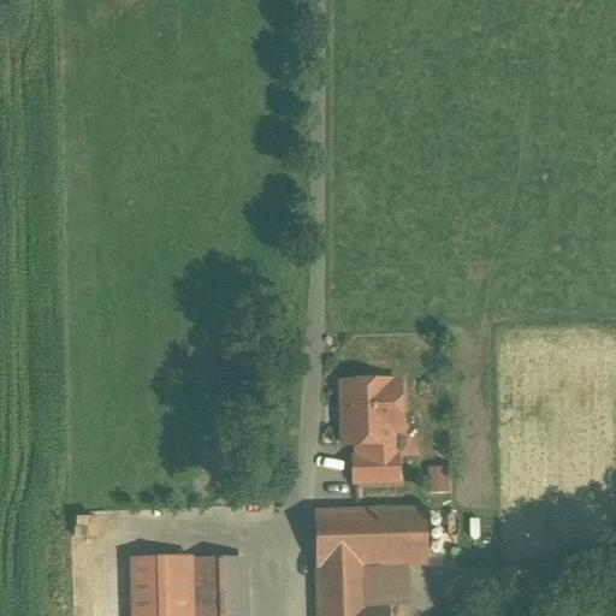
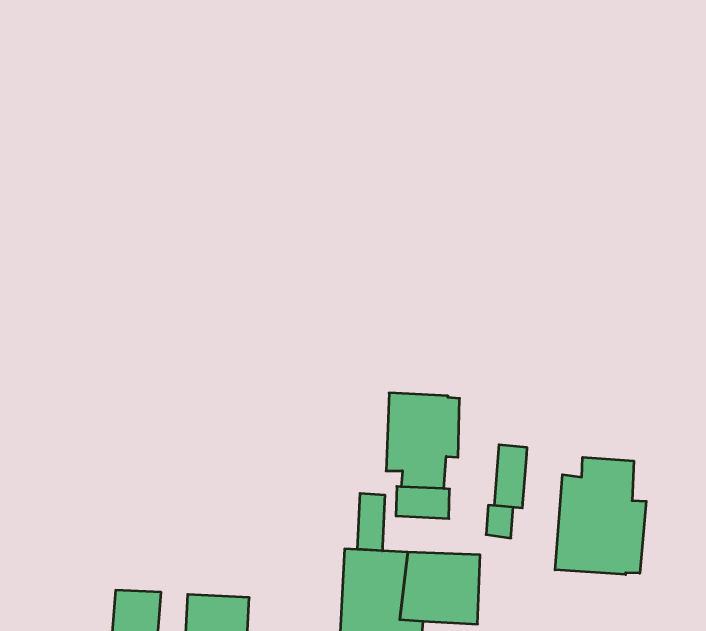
building: none -> [495,445,527,508]
building: none -> [555,457,646,575]
building: none -> [358,493,385,551]

